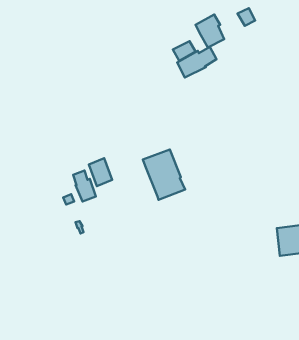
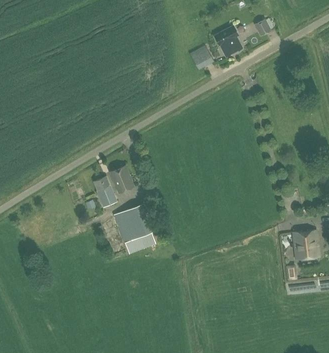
building: [177,47,217,77] -> none
building: [143,149,185,200] -> [115,204,156,253]

